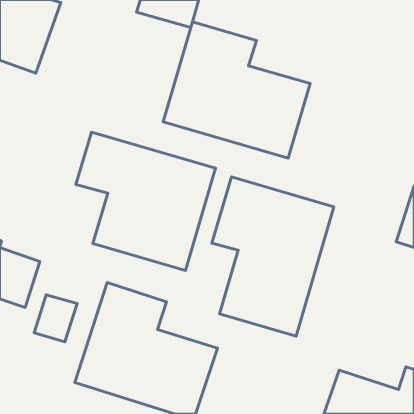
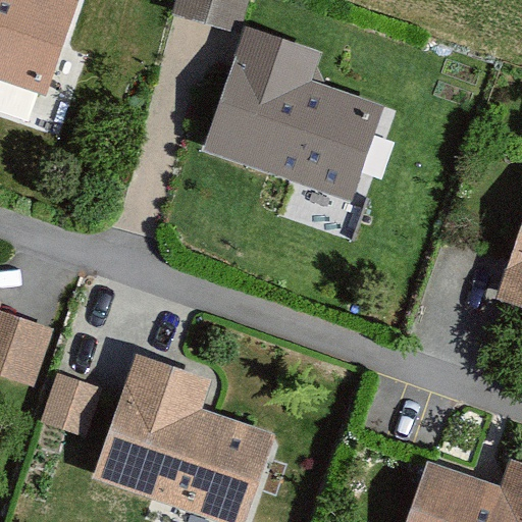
building: [76,132,215,270] -> none
building: [212,177,334,336] -> none

